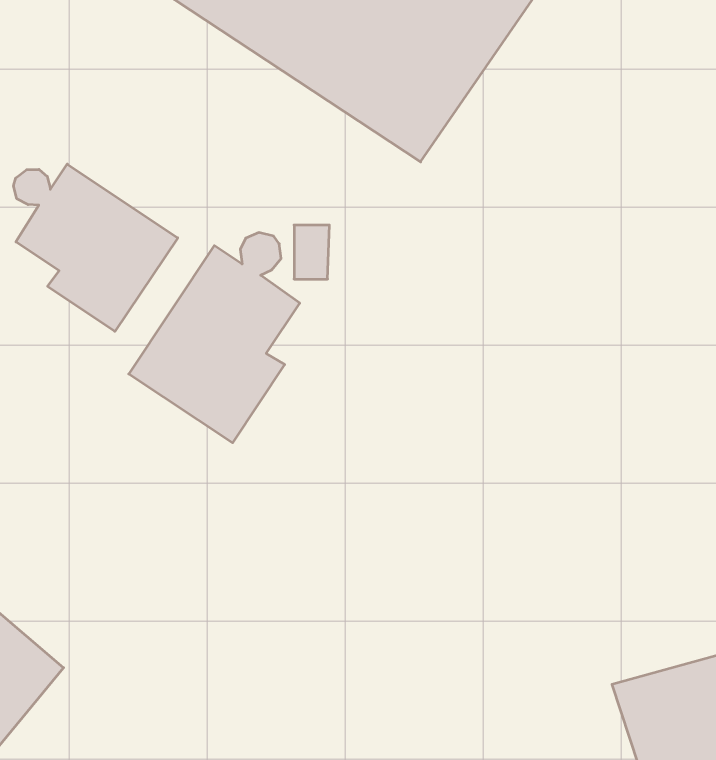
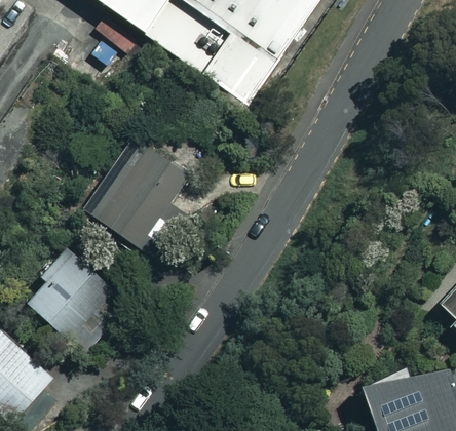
building: [14,164,178,331] -> none
building: none -> [25,247,114,349]

